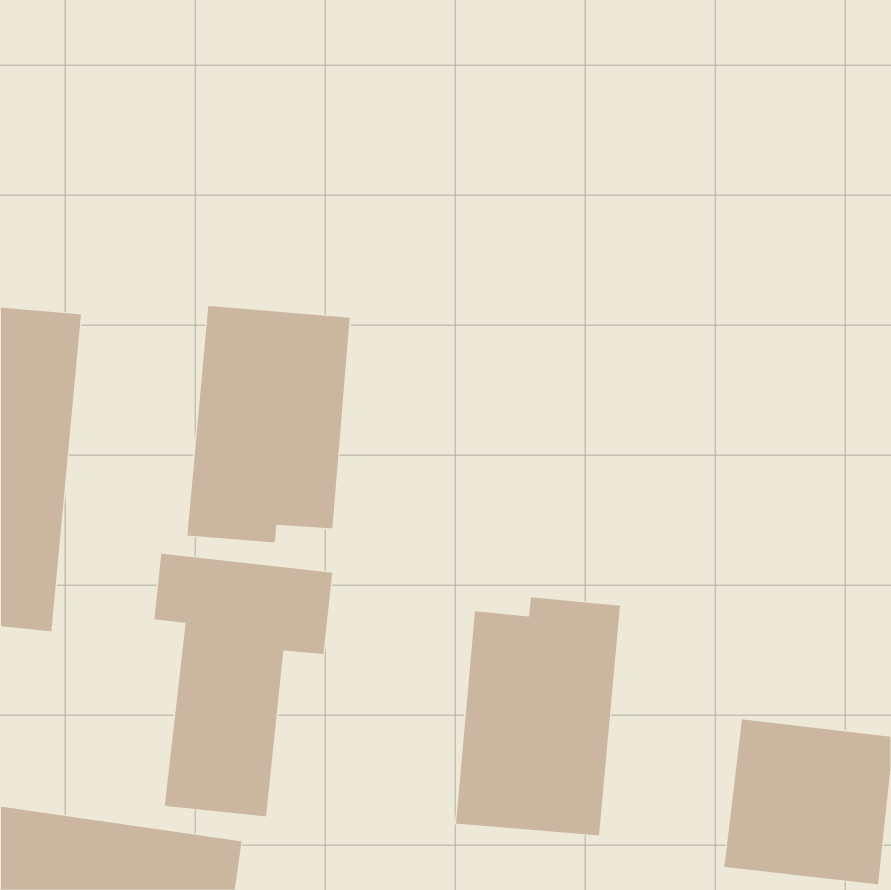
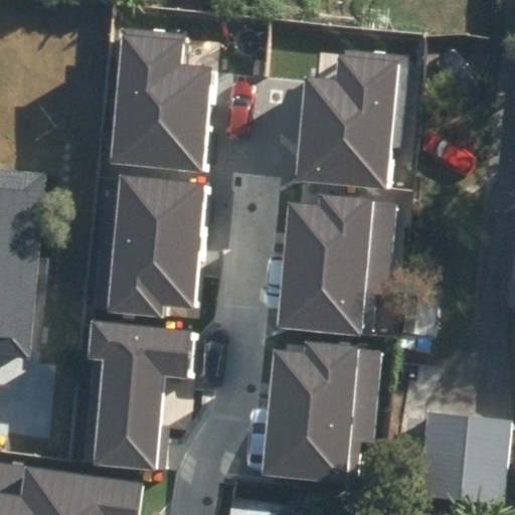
building: none -> [112,33,209,167]
building: none -> [298,58,393,186]
building: none -> [278,197,372,335]

